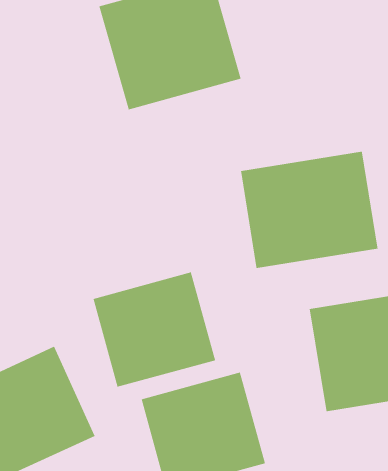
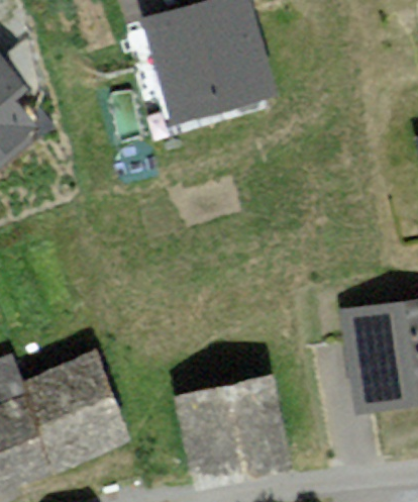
building: [240,151,378,269] -> none
building: [93,272,216,388] -> none

